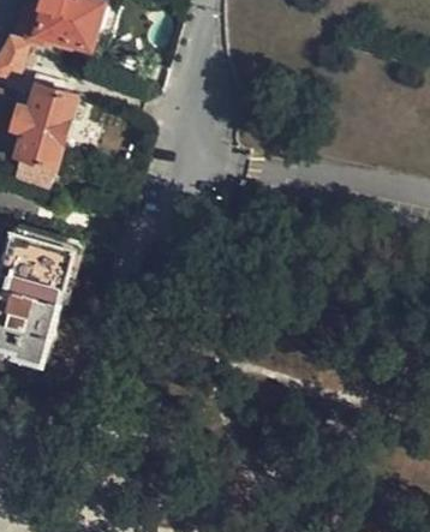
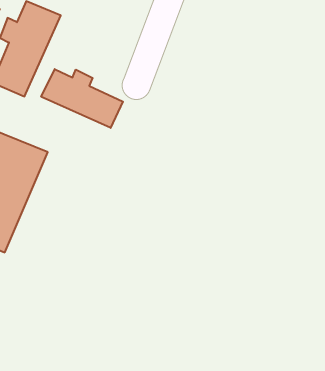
building: none -> [41,69,123,128]

